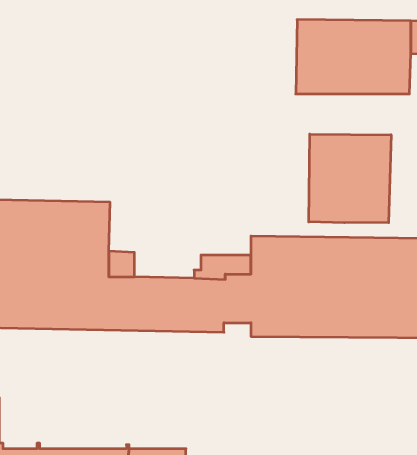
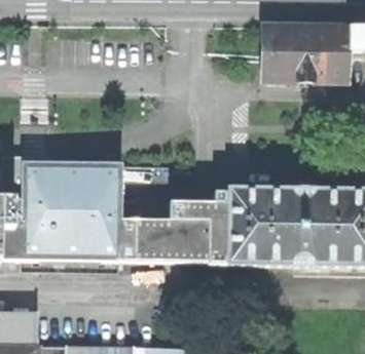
building: [309,134,391,223] -> none

